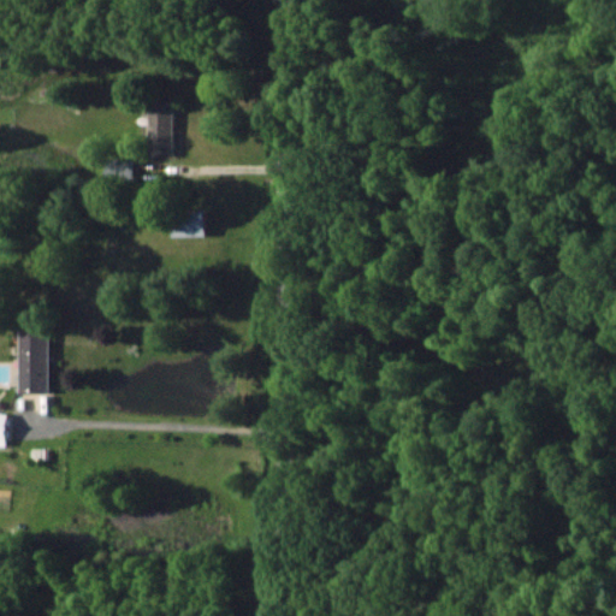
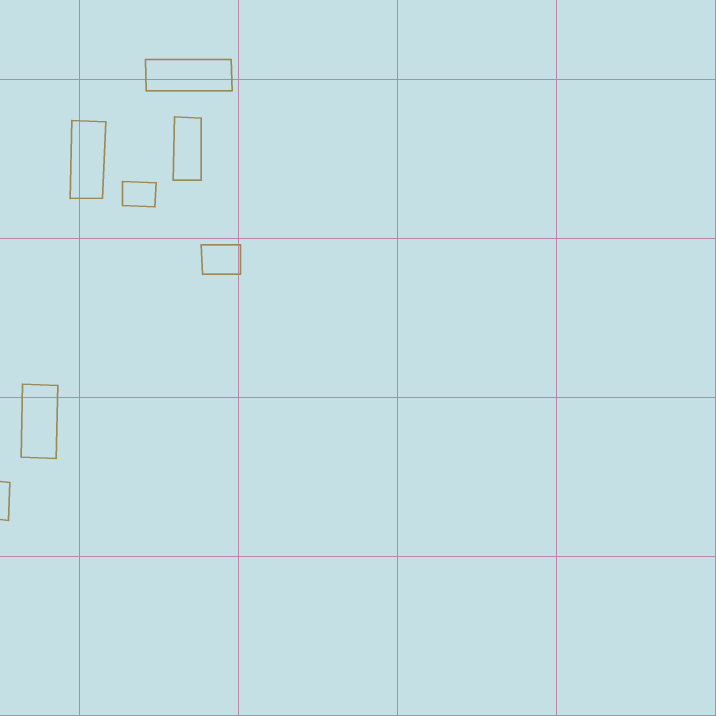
building: none -> [145,60,232,91]
building: none -> [70,120,106,198]

